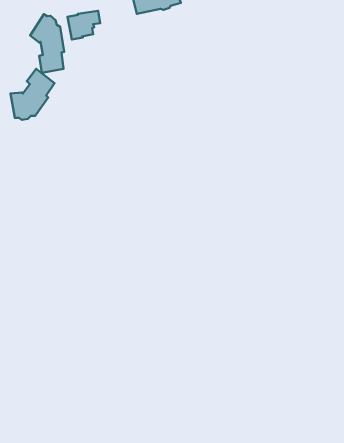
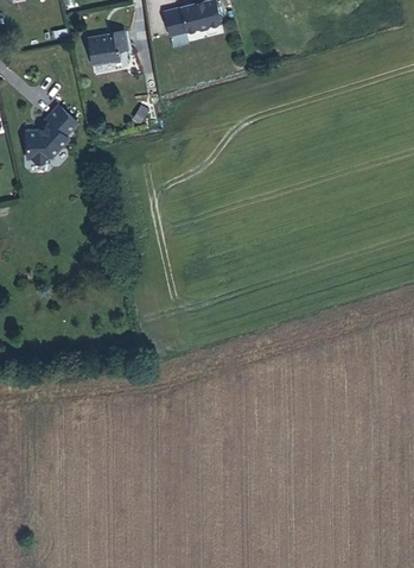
building: [30,14,64,73] -> none

